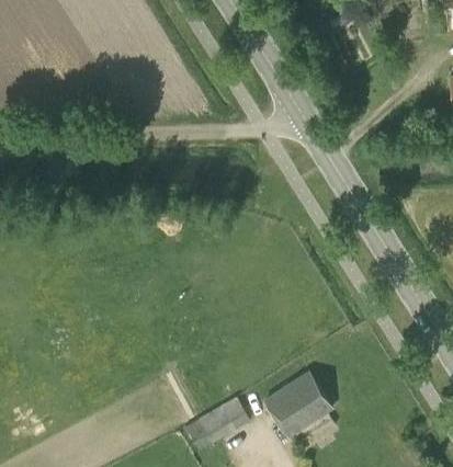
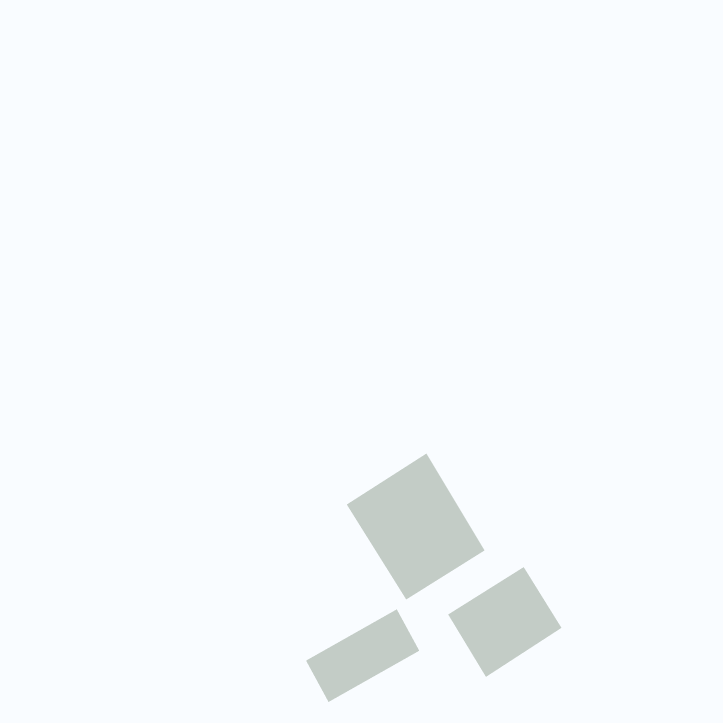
building: none -> [346,452,485,601]

